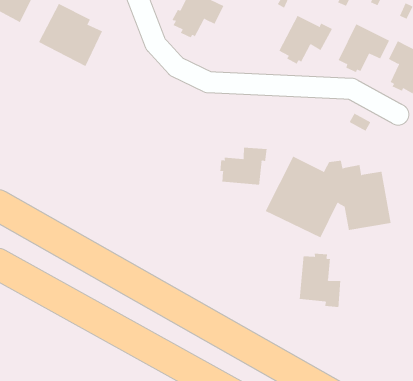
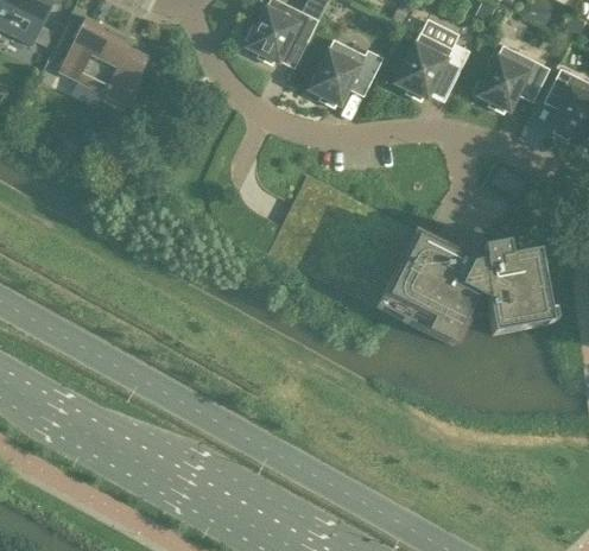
building: none -> [308,39,382,108]
building: [220,147,267,186] -> none
building: [299,253,341,308] -> none

